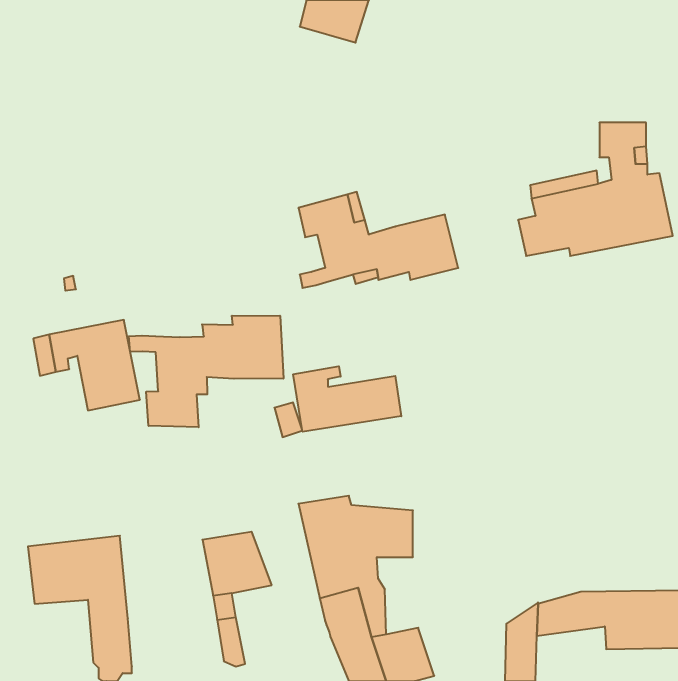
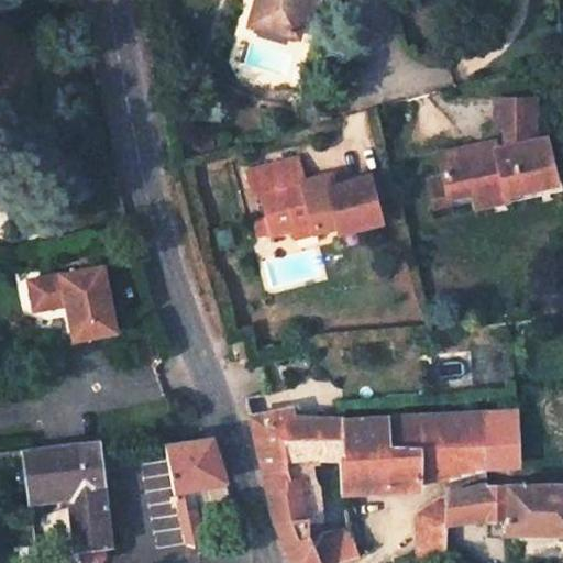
building: [129,316,283,427] -> none
building: [293,366,401,432] -> none
building: none -> [343,412,516,493]

